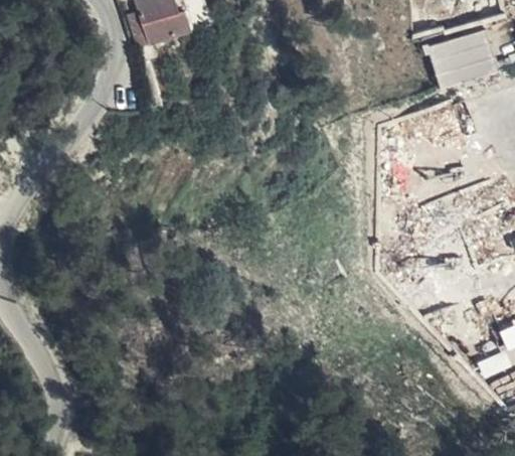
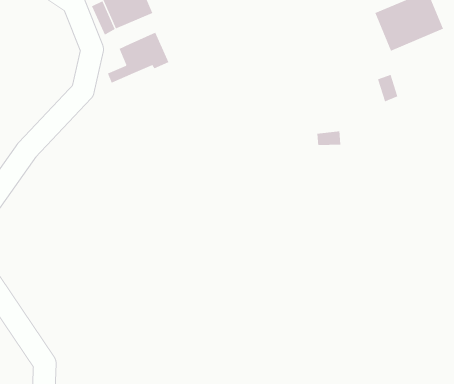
building: none -> [107,32,169,84]

